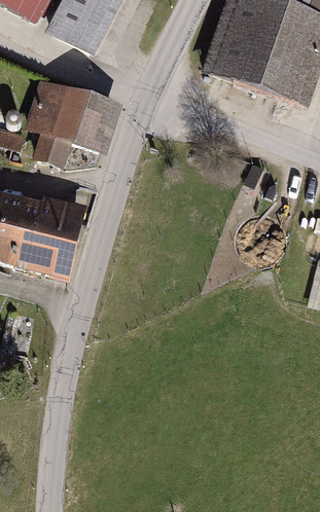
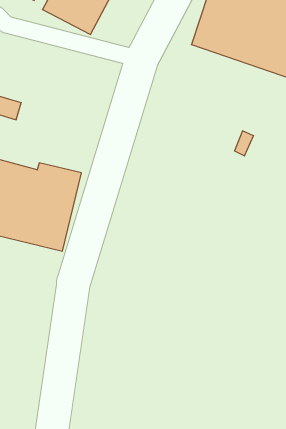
building: [24,74,122,166] -> none

